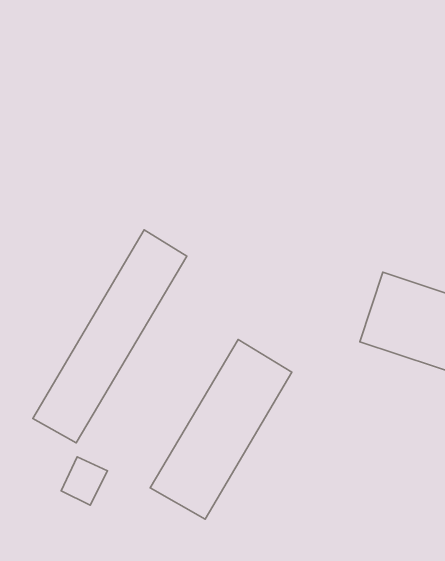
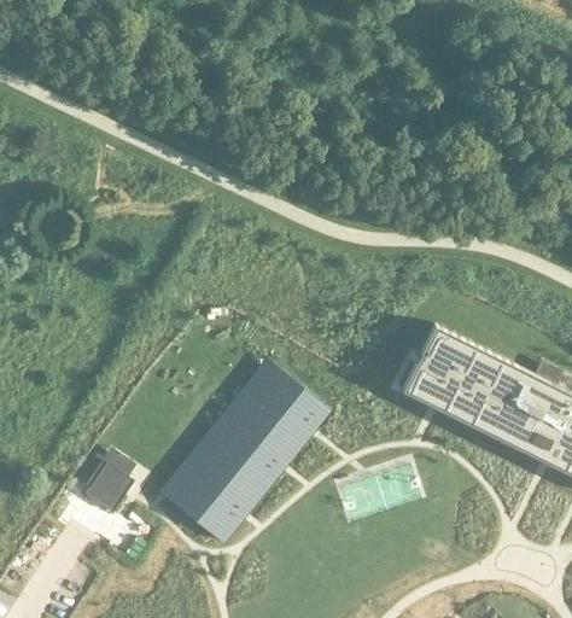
building: [33,230,187,443] -> none

